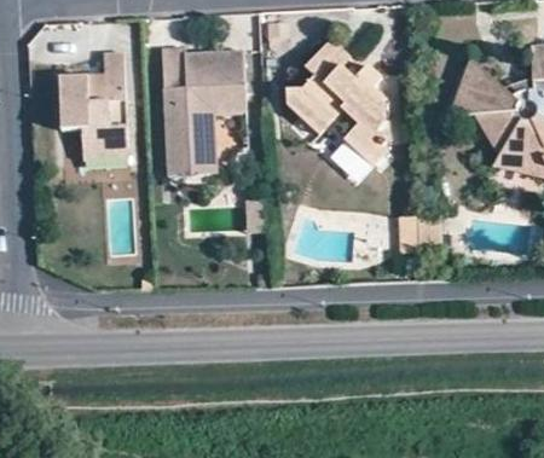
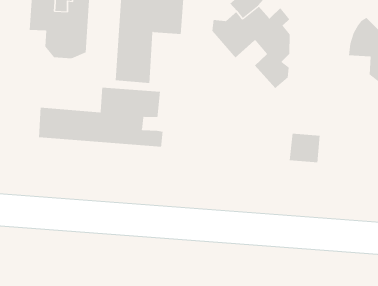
building: none -> [38,87,163,148]

